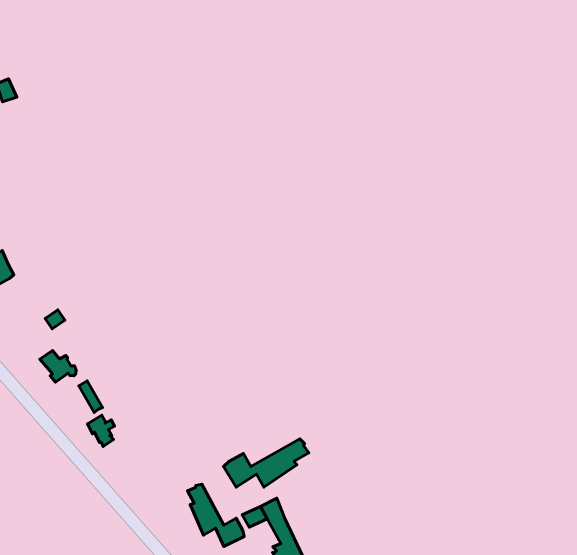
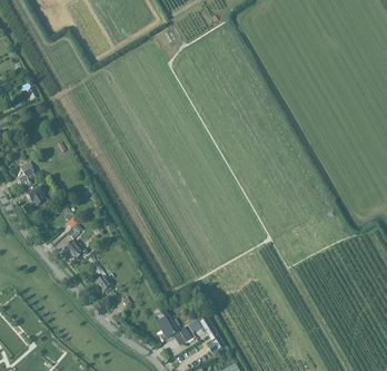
building: [223,439,309,487] -> none

